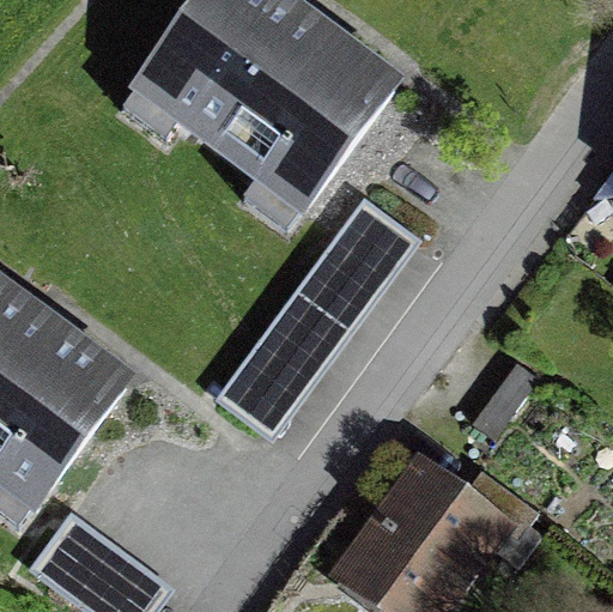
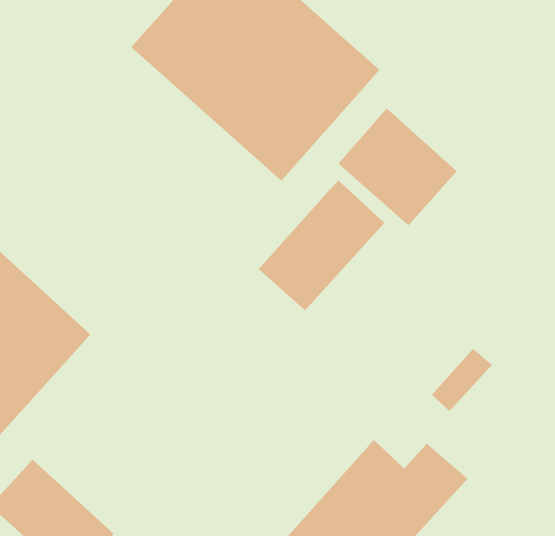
building: none -> [337,108,458,226]
building: [226,303,338,423] -> none

